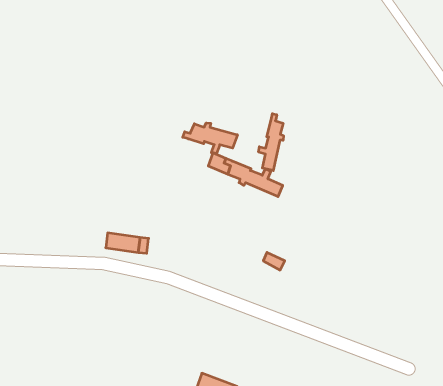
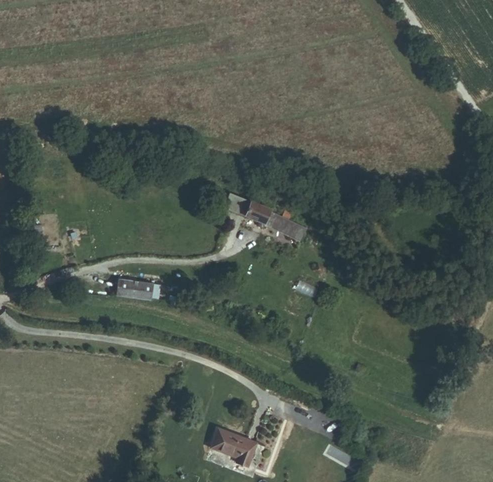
building: [259,114,283,171] -> none
building: [183,123,237,154] -> none

